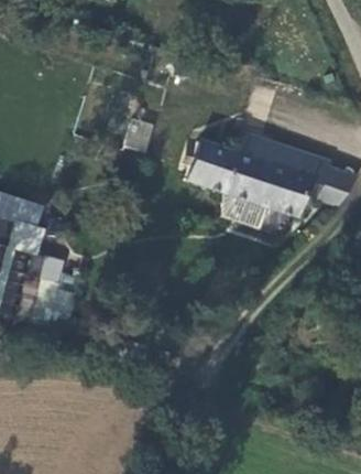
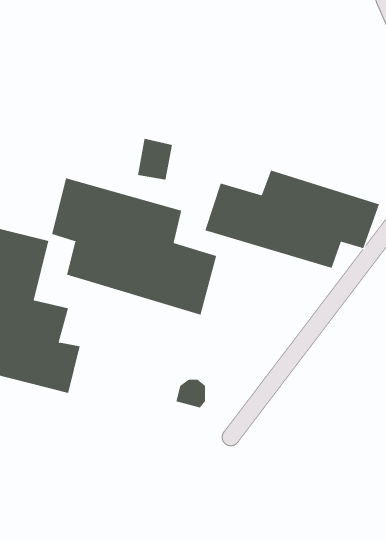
building: none -> [51,178,217,315]

